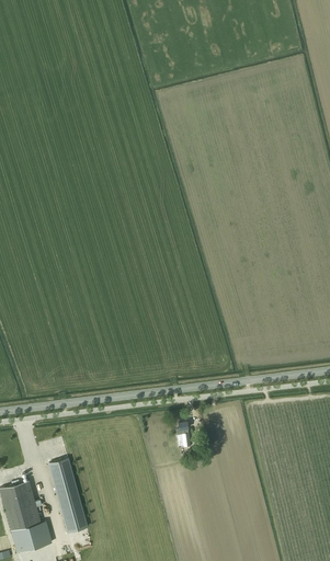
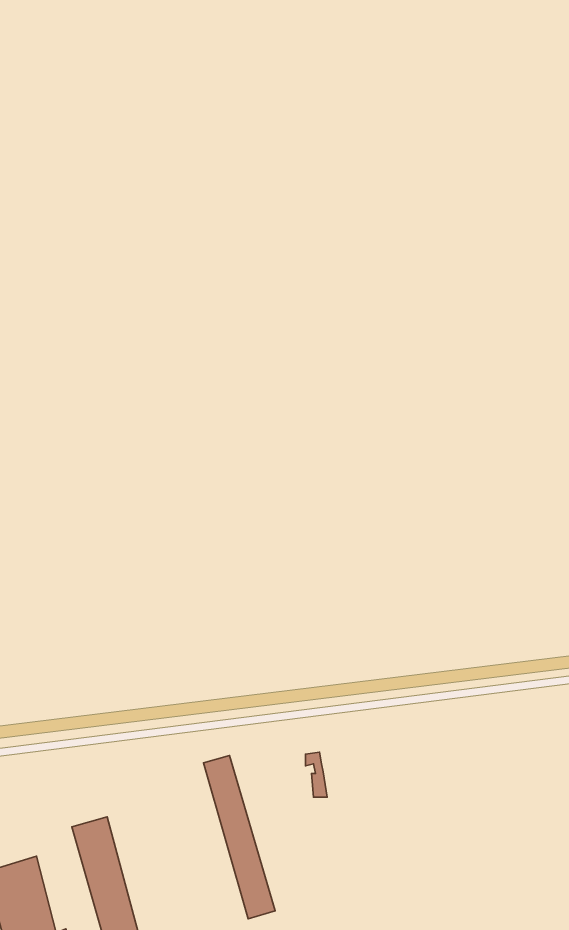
building: none -> [204,756,275,919]

